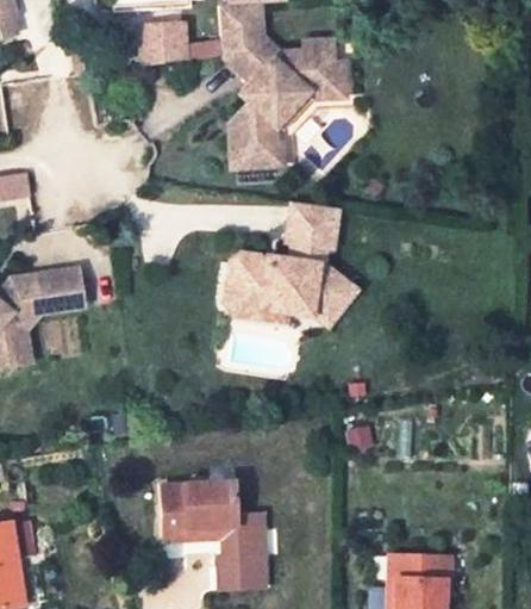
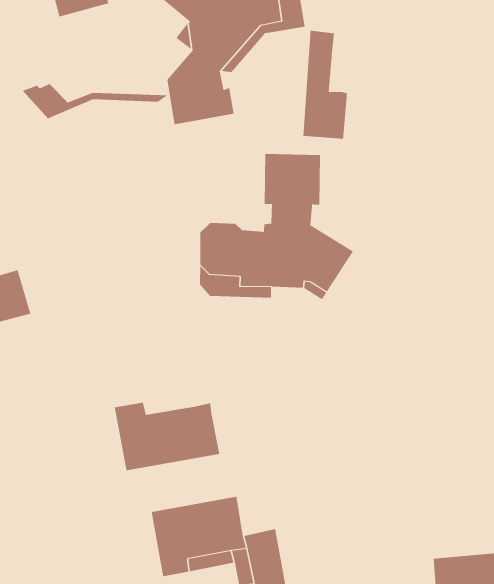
building: none -> [303,30,347,139]
building: none -> [22,83,169,119]
building: none -> [114,402,220,471]

